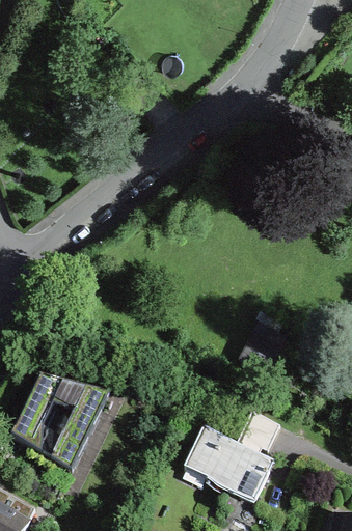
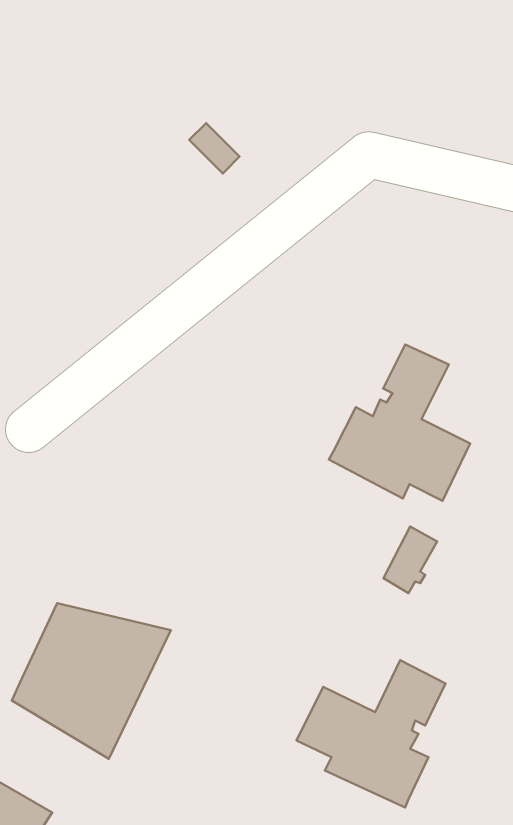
building: none -> [329,344,470,501]

